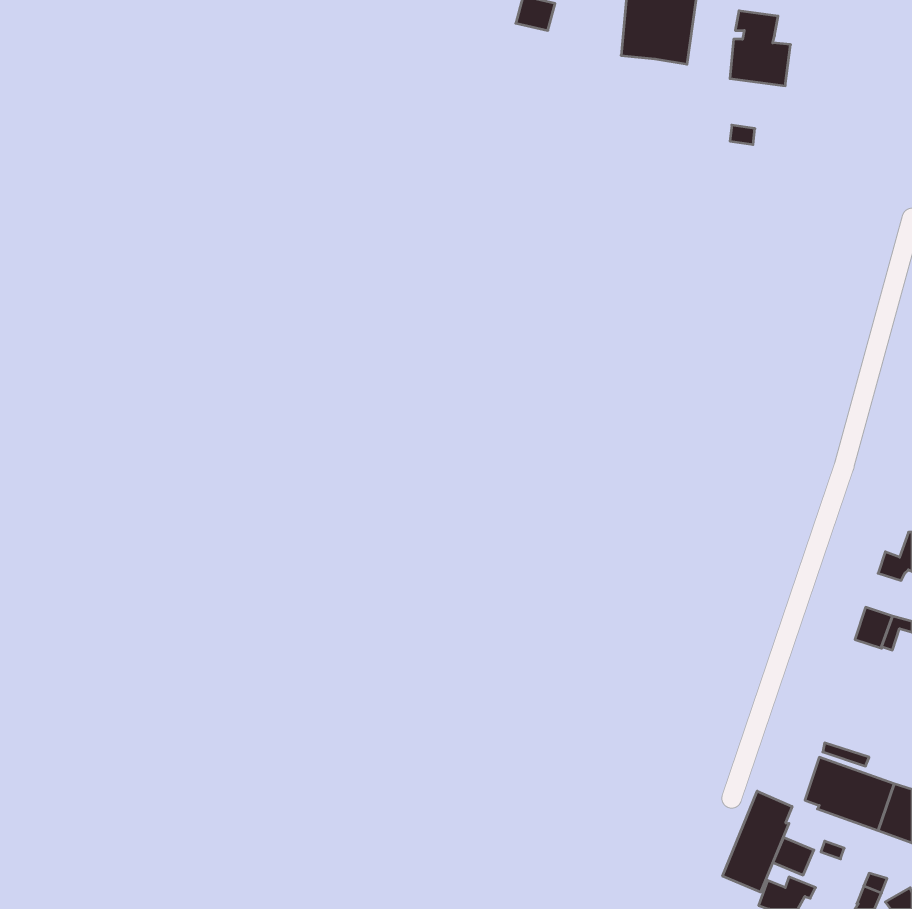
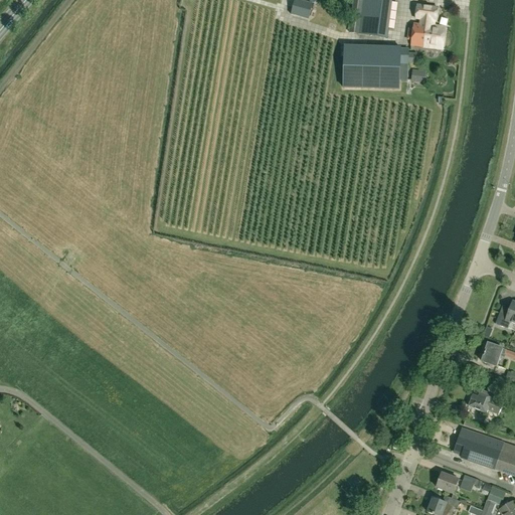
building: none -> [343,45,411,88]
building: none -> [469,386,503,413]
building: [723,791,792,892] -> none

